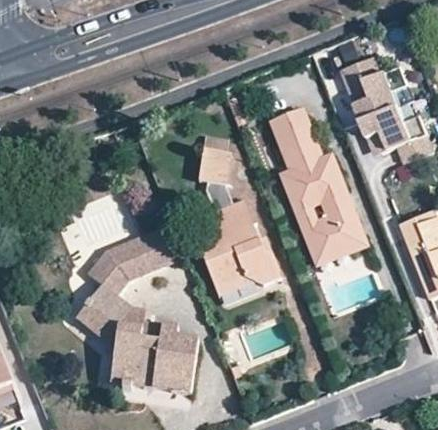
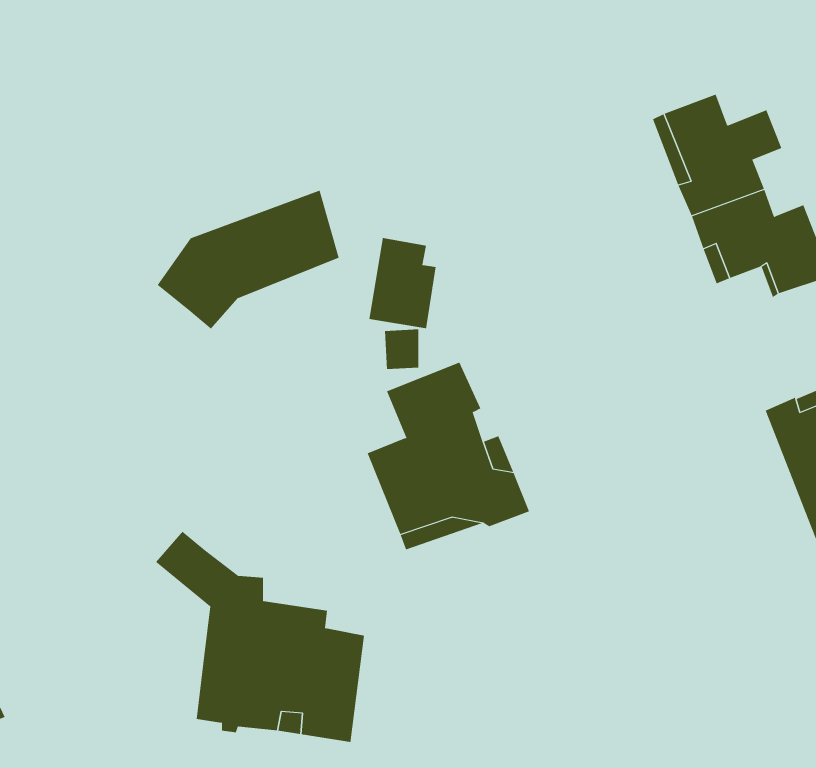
building: [278,114,368,262] -> none
building: [85,224,179,296] -> [157,190,340,330]
building: [74,302,115,350] -> none

